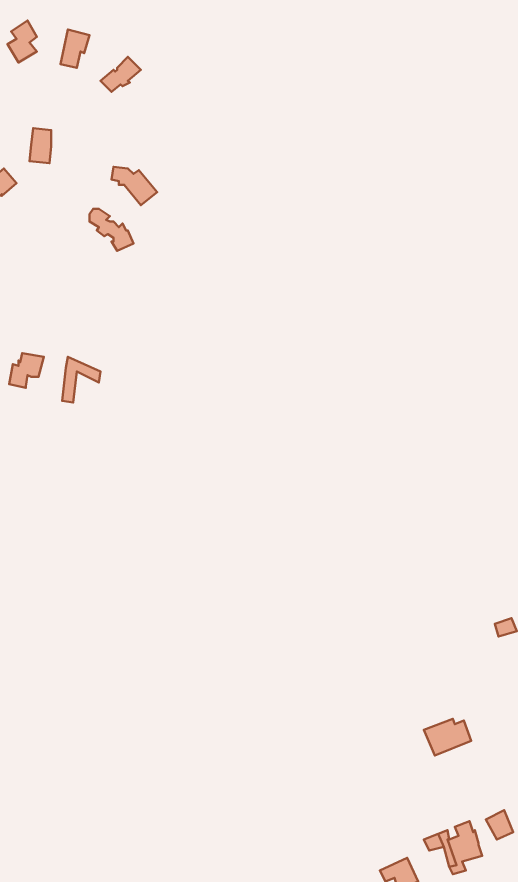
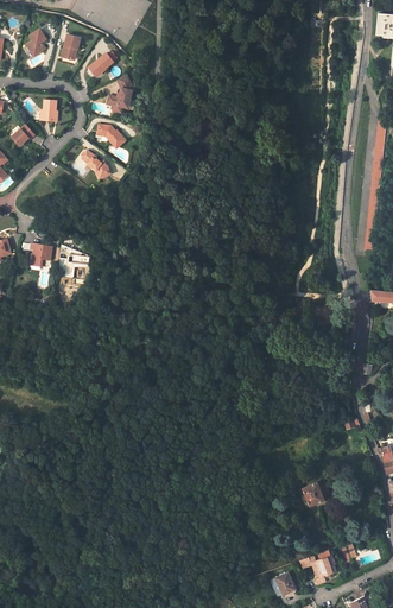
building: none -> [107,74,137,113]

